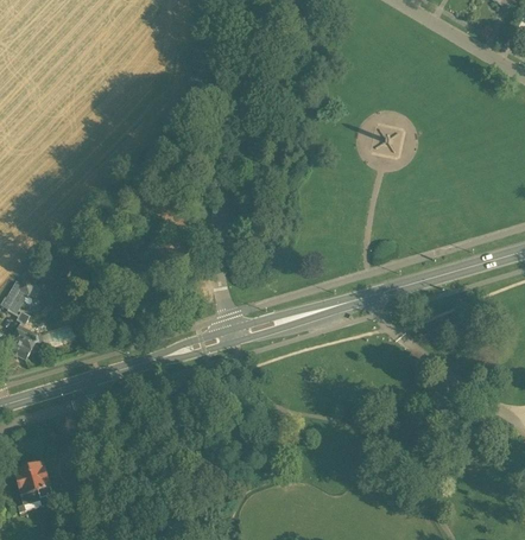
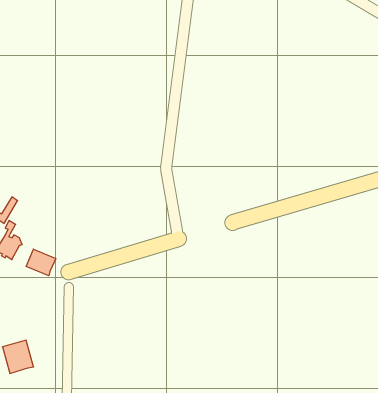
building: none -> [26,249,56,276]

